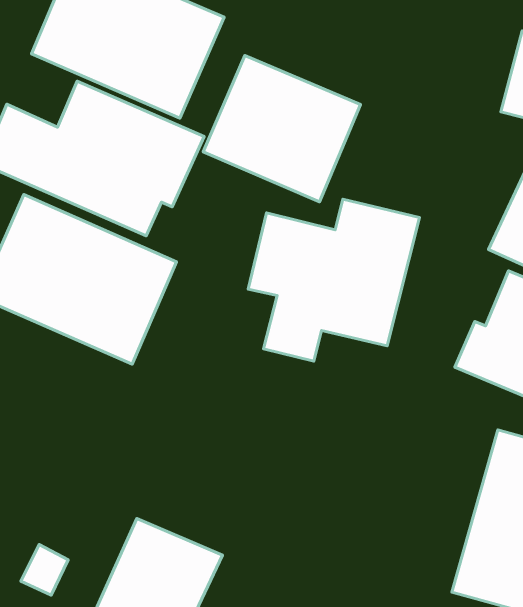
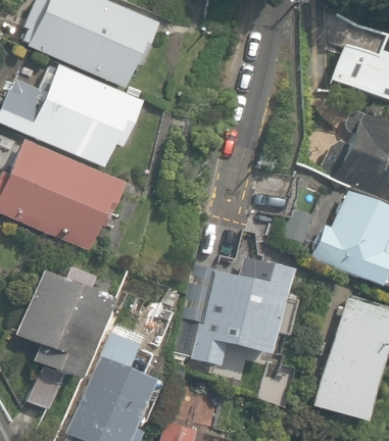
building: [203,55,361,202] -> none
building: [248,199,419,361] -> [182,257,296,365]
building: none -> [17,271,114,377]

